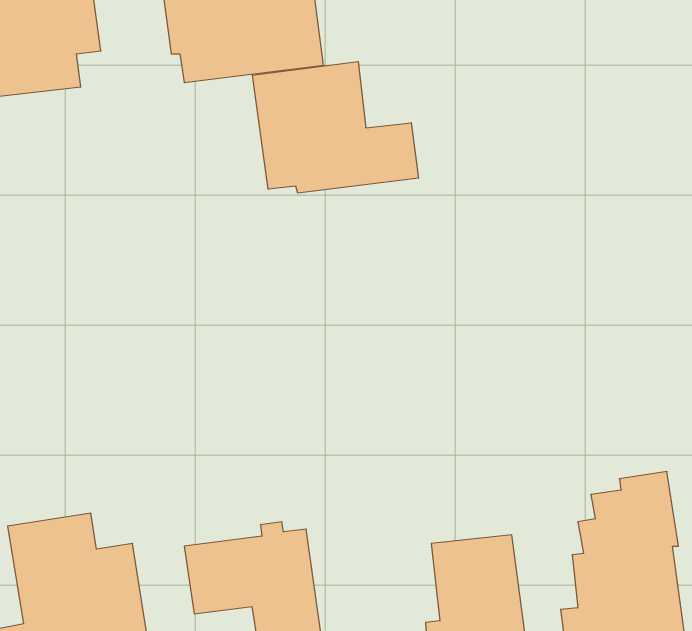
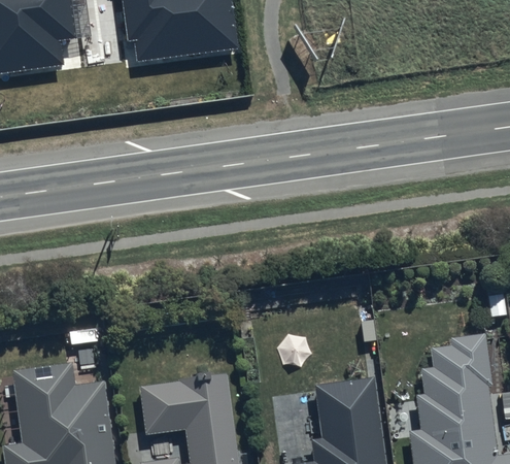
building: [253,62,419,193] -> none

